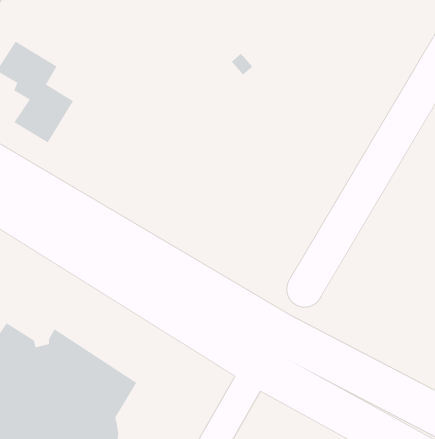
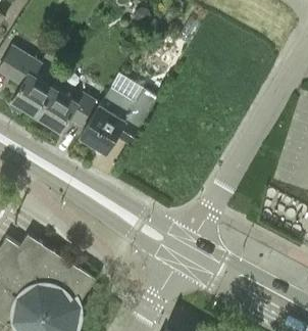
building: none -> [79,77,156,155]
building: none -> [34,89,95,133]

